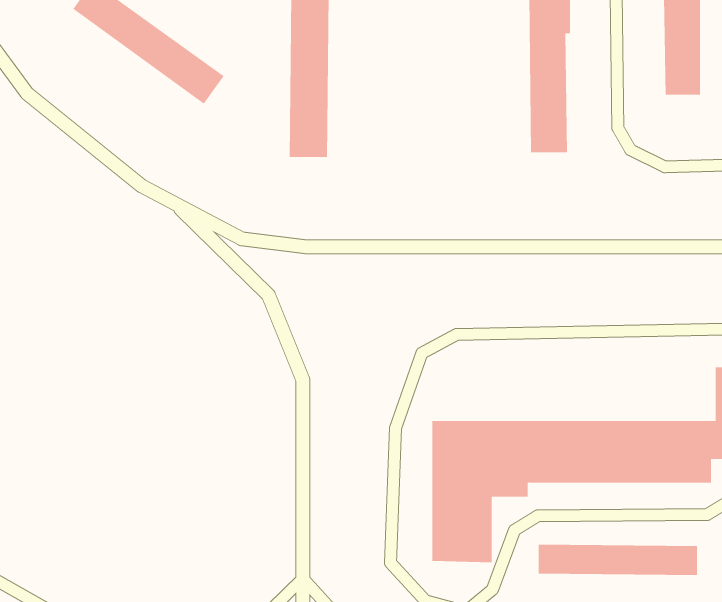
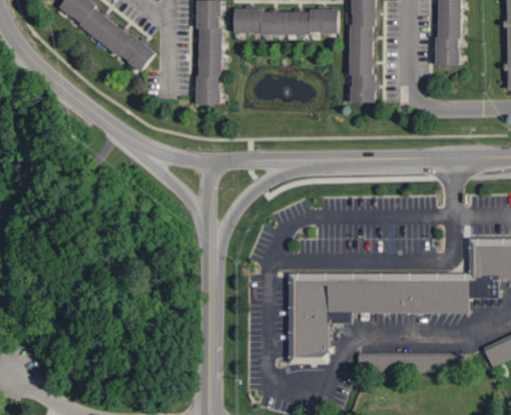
building: none -> [233,9,339,35]

